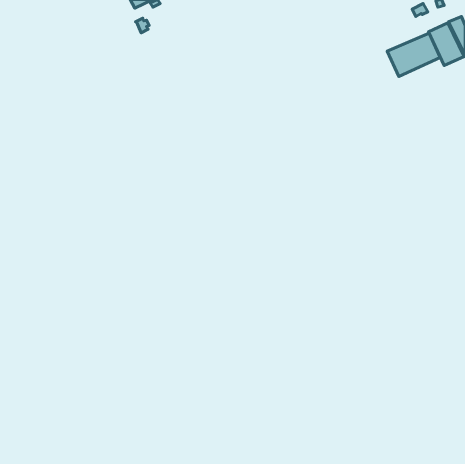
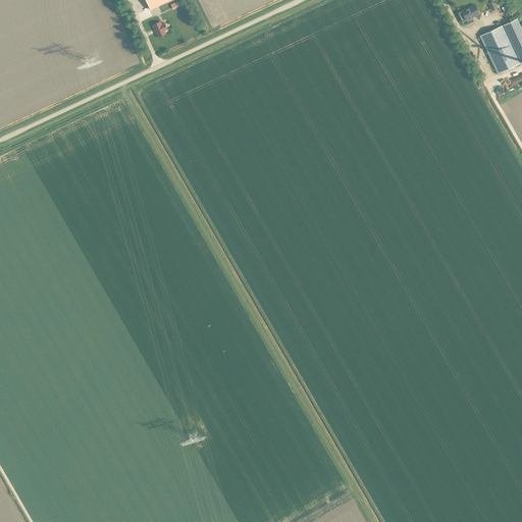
building: [387,33,440,76] -> none

